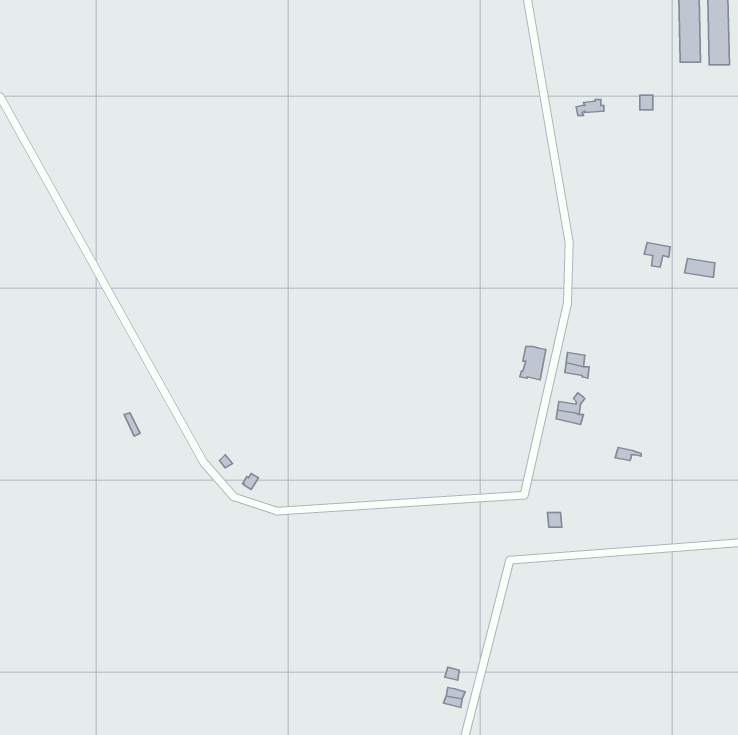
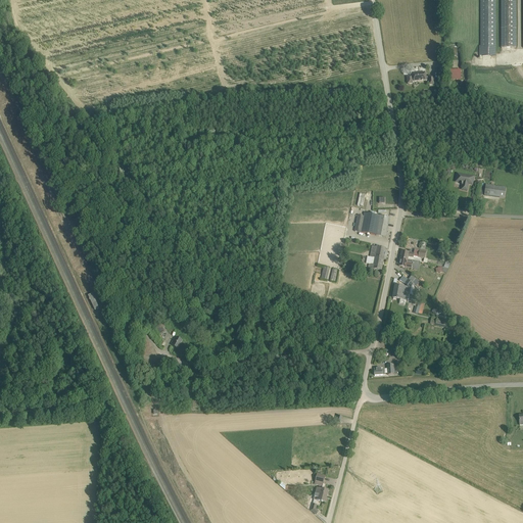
building: none -> [361,210,390,236]

